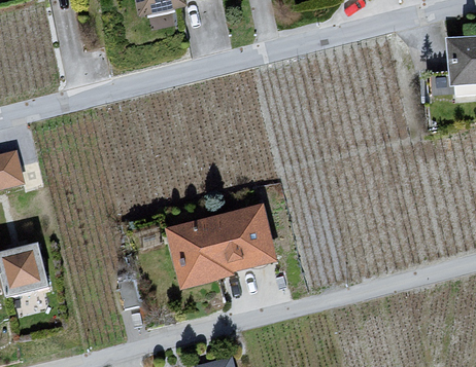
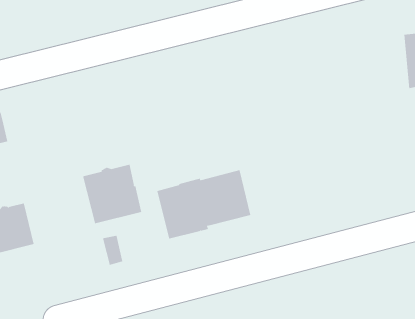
building: none -> [83,164,142,224]

